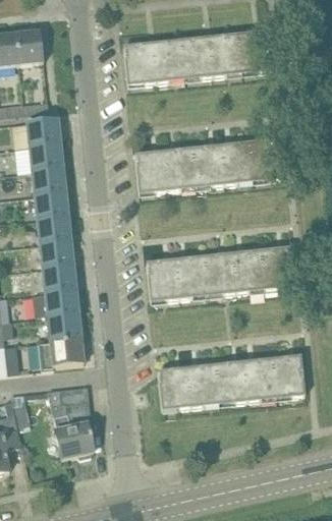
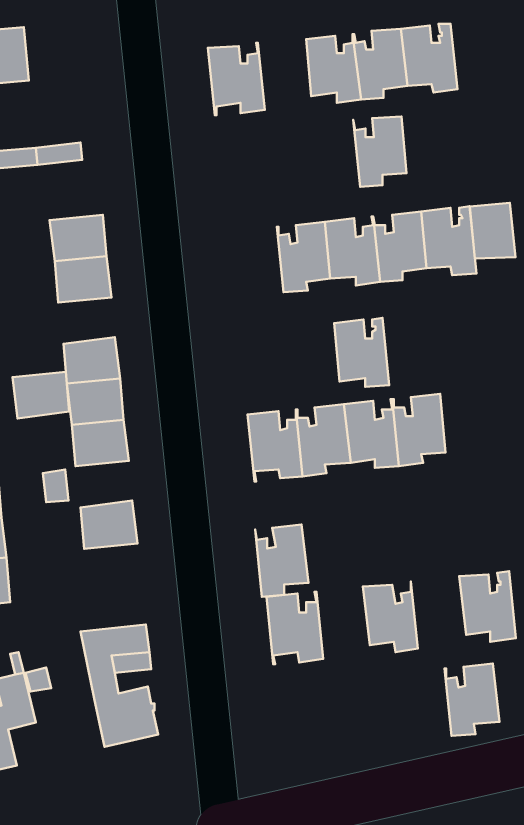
building: [14,30,44,64] -> none
building: [153,40,184,81] -> [353,116,407,187]
building: [26,118,61,147] -> none
building: none -> [470,203,515,259]
building: [134,151,168,192] -> none
building: [35,192,68,220] -> [12,372,69,418]
building: [261,246,293,287] -> [334,318,389,387]
building: [45,289,78,316] -> none
building: [38,338,85,368] -> none
building: [243,357,276,400] -> [445,663,500,736]
building: [187,363,219,406] -> [255,524,308,597]

